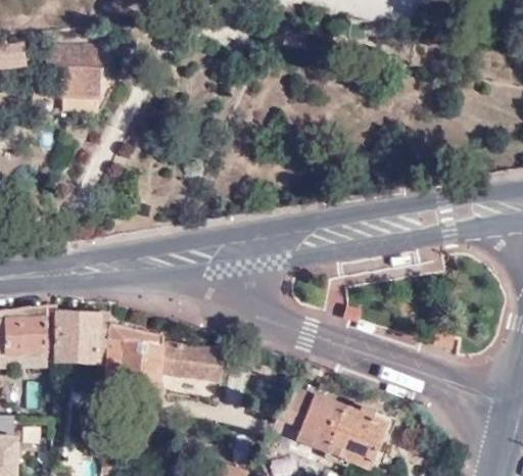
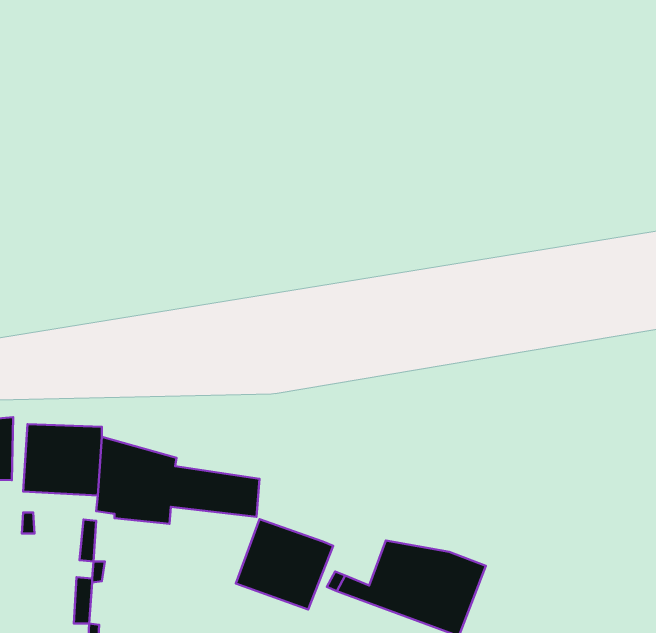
building: [45,45,102,97] -> none
building: none -> [236,519,333,610]

